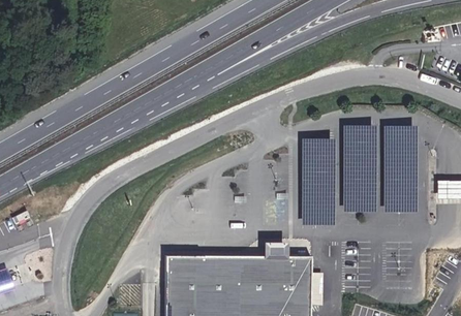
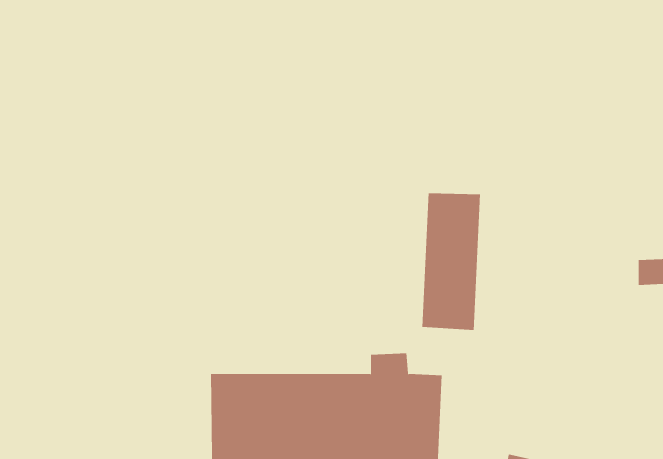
building: [343,125,378,212] -> none
building: [385,126,418,212] -> none

